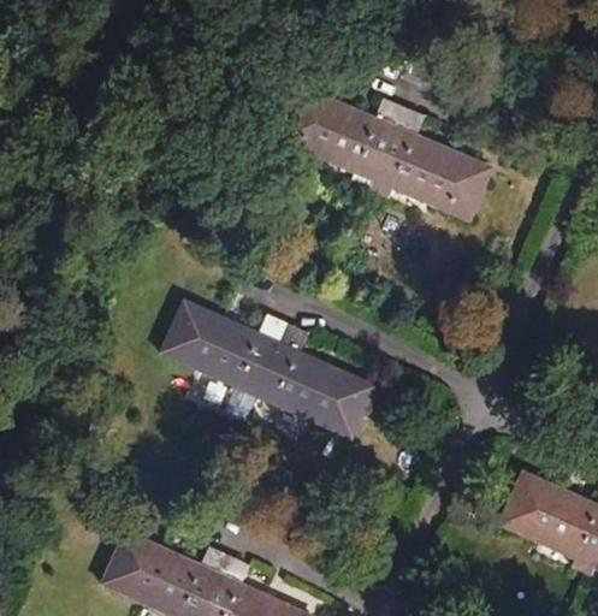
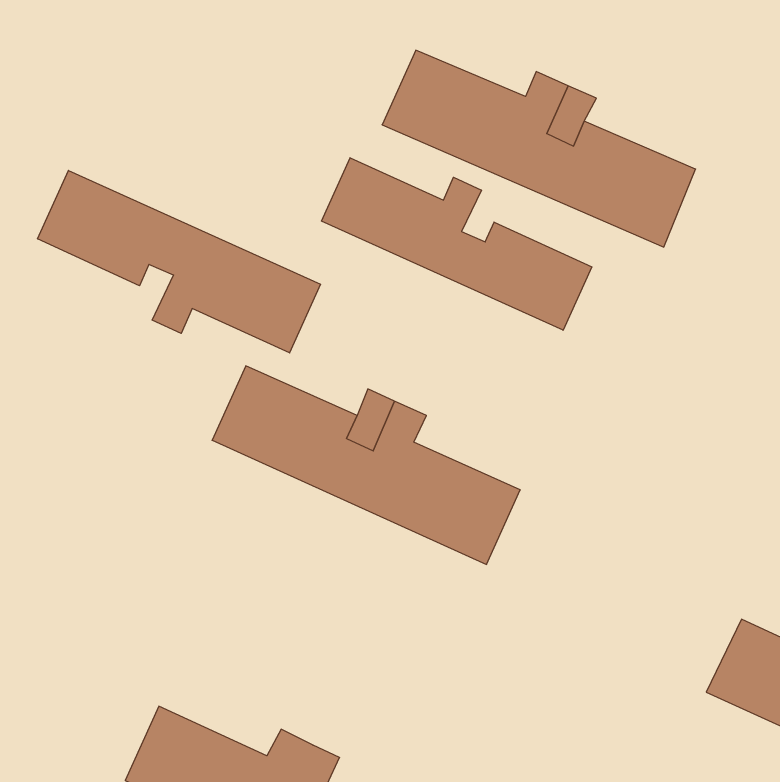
building: none -> [322,158,592,330]
building: none -> [38,170,320,353]

